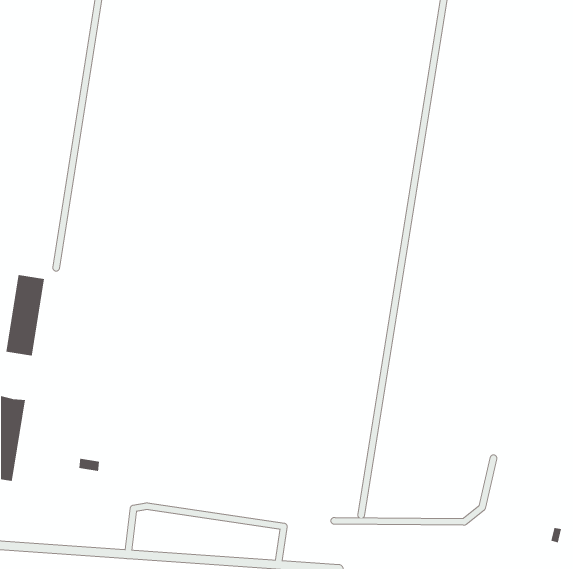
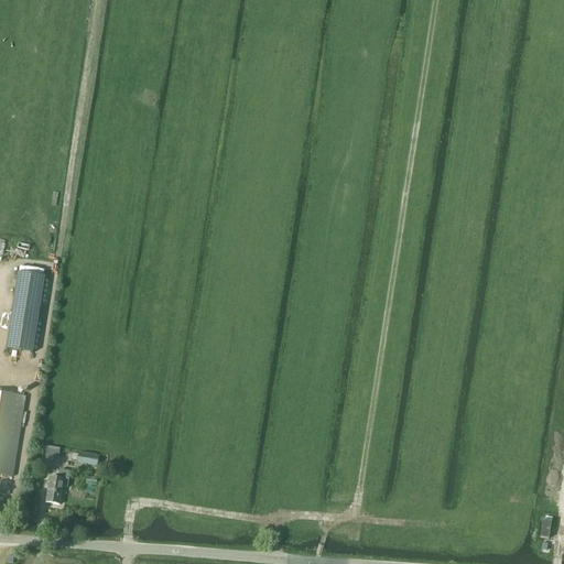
building: none -> [45,467,69,502]

